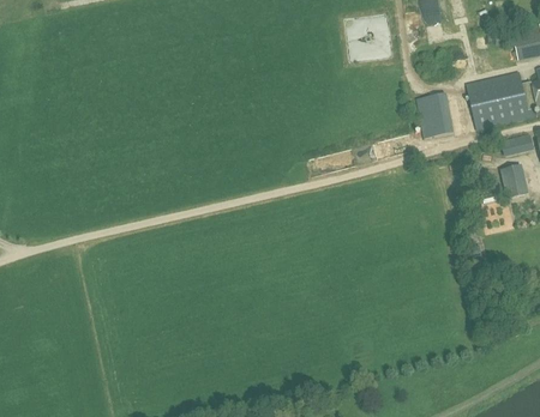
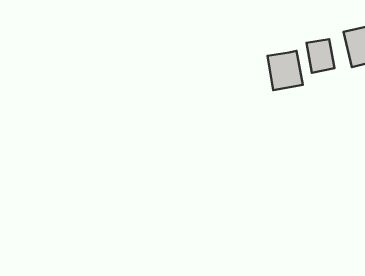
building: none -> [267,51,303,90]

